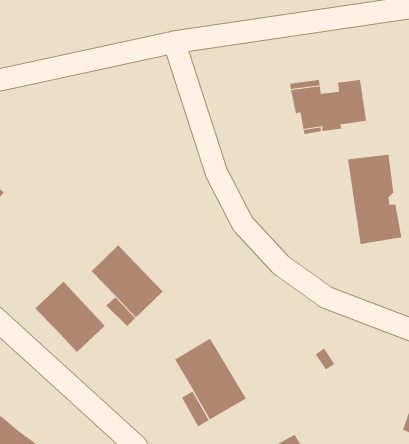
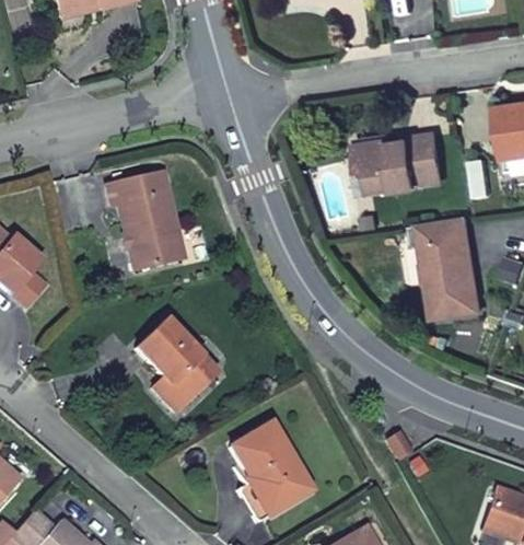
building: none -> [106,171,183,268]
building: [34,281,106,353] -> none

